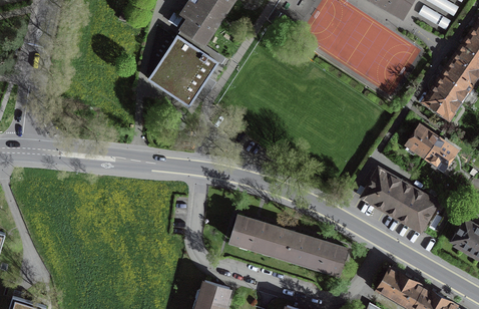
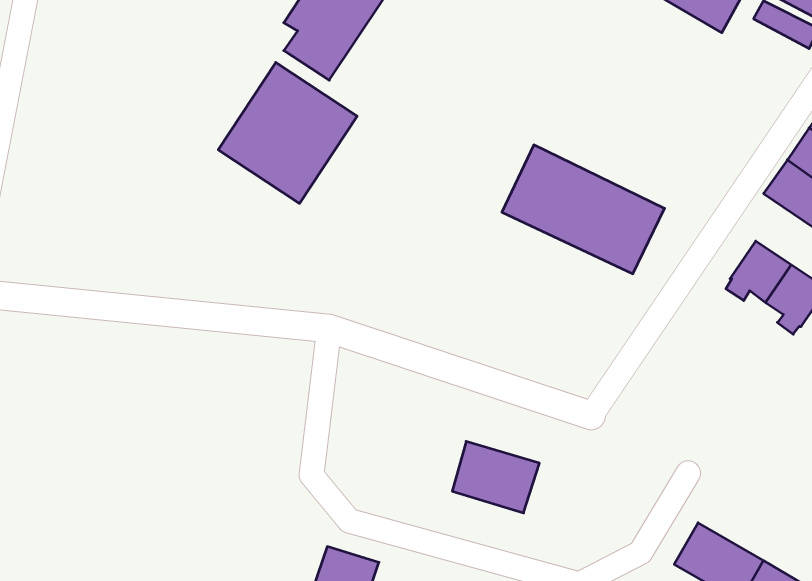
building: [359,164,441,229] -> [502,145,665,274]
building: [229,216,274,252] -> none
building: [303,238,348,274] -> none

